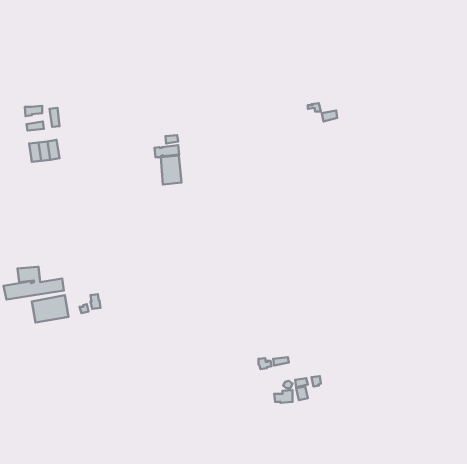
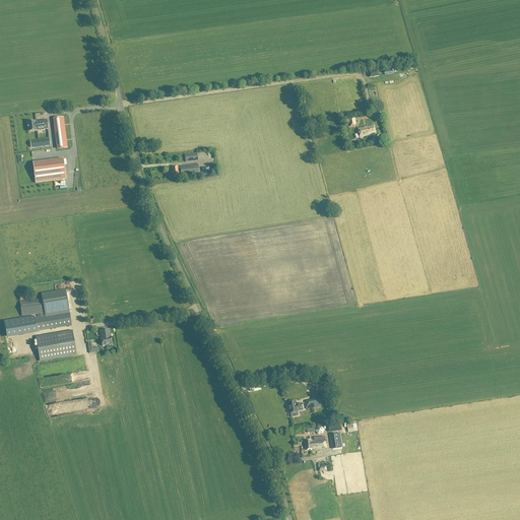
building: [161,155,181,184] -> none
building: none -> [41,287,69,314]

